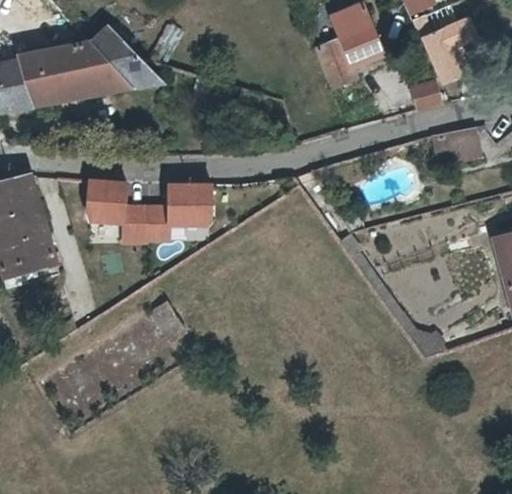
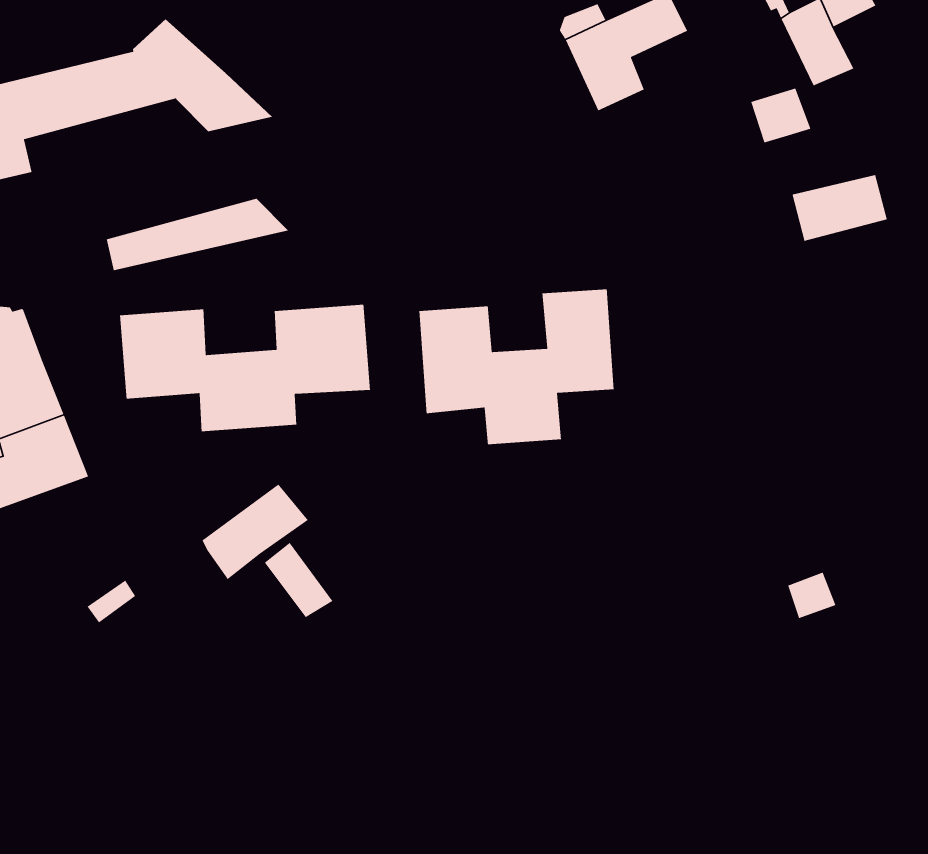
building: [36,70,131,104] -> [106,198,289,271]
building: none -> [418,288,615,445]
building: none -> [202,484,309,580]

